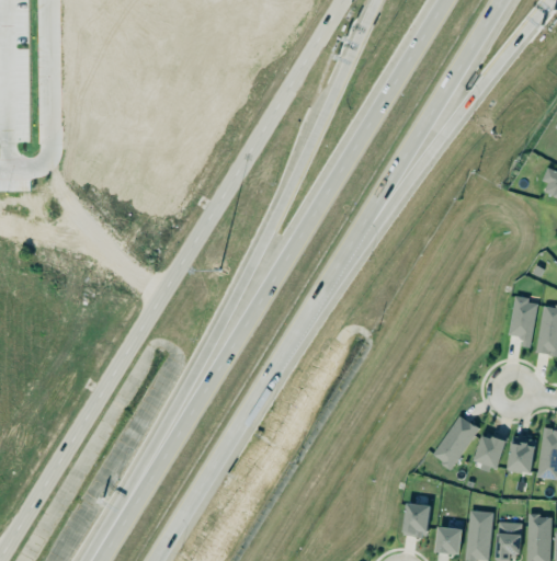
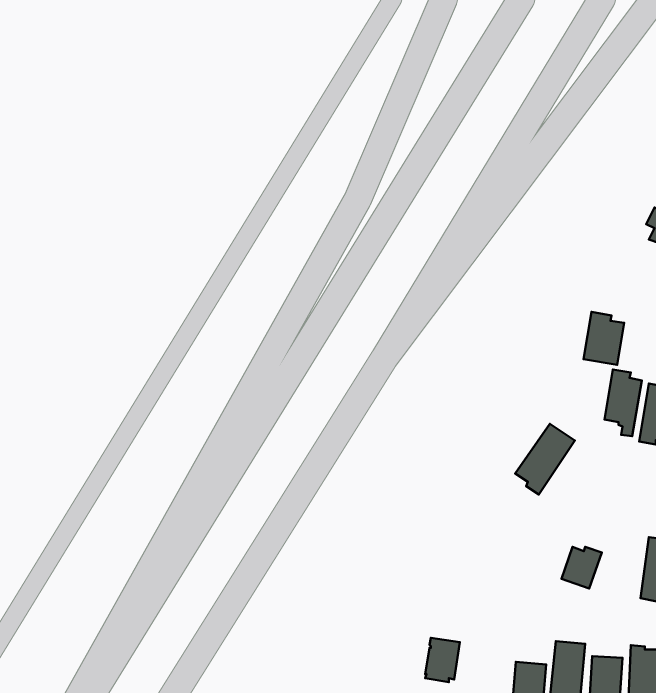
building: none -> [584,312,624,365]
building: [431,415,478,471] -> [515,424,575,494]
building: [507,437,536,473] -> none
building: [402,503,430,538] -> [425,638,460,682]

